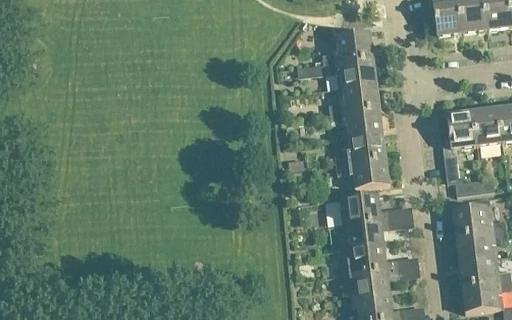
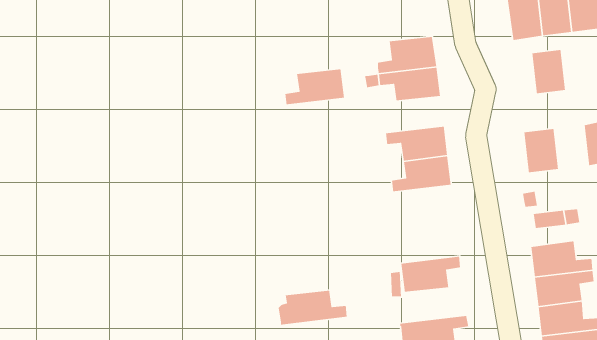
building: [329,83,380,114] -> [284,69,345,105]
building: [473,107,502,145] -> [532,49,566,94]
building: [336,158,389,189] -> none
building: [340,193,393,224] -> none
building: [340,245,399,275] -> [278,290,348,325]

